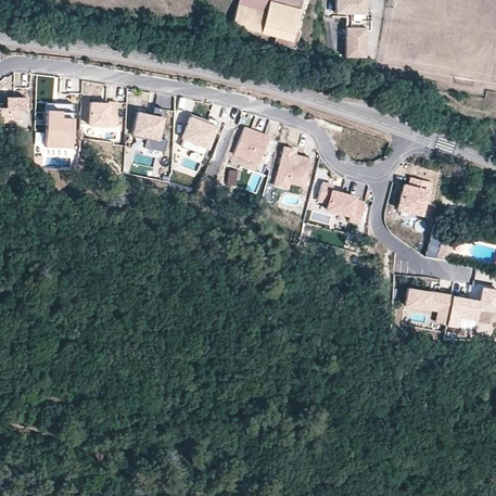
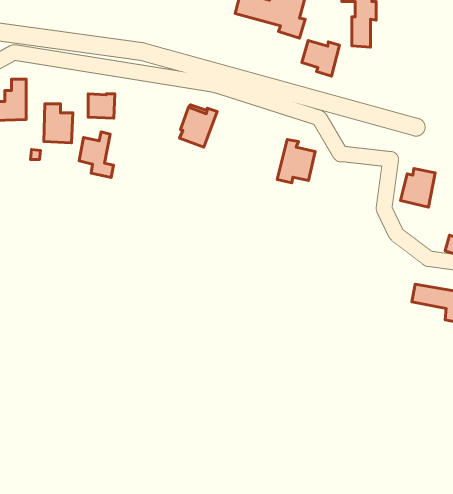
building: none -> [302,41,340,76]
building: [132,105,166,150] -> [79,132,113,178]
building: [234,128,269,165] -> none
building: [317,180,365,222] -> none

